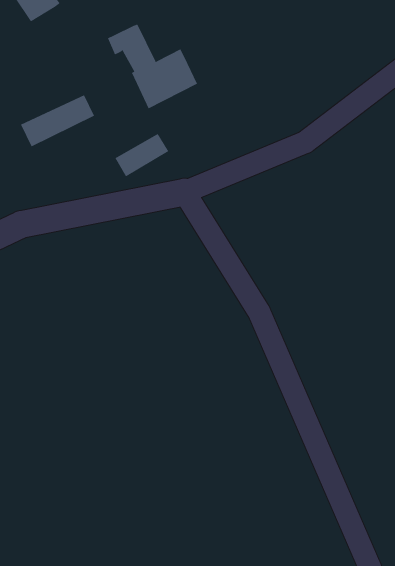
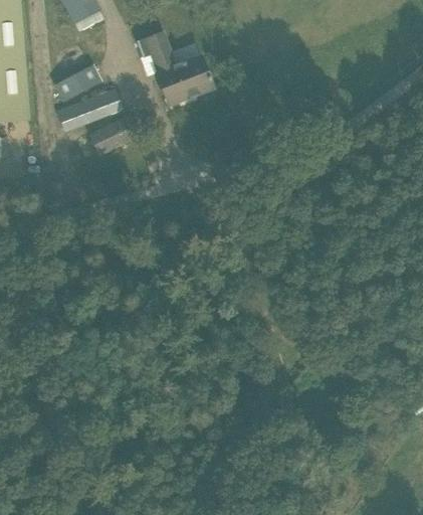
building: none -> [53,63,99,100]
building: [114,133,169,177] -> [88,116,136,151]

